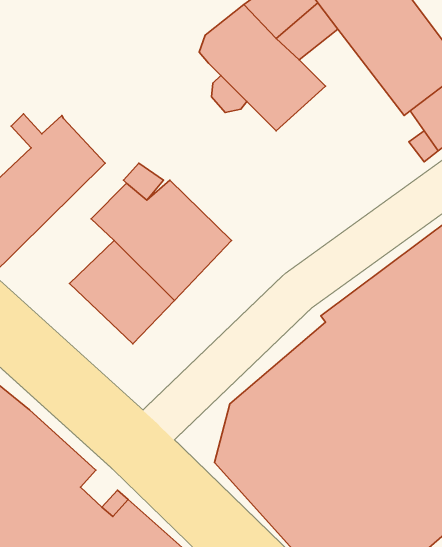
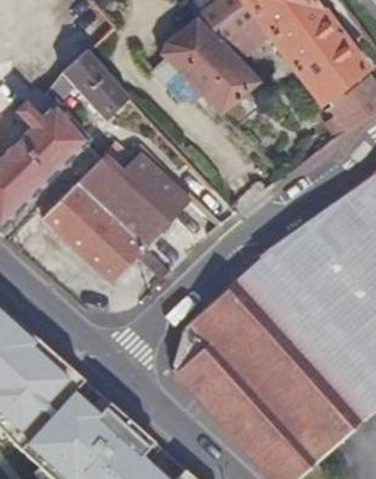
building: none -> [47,49,129,121]
building: none -> [44,183,97,234]

